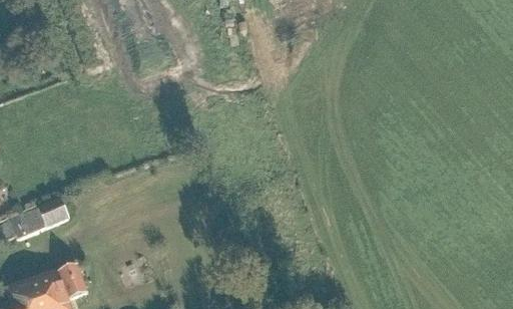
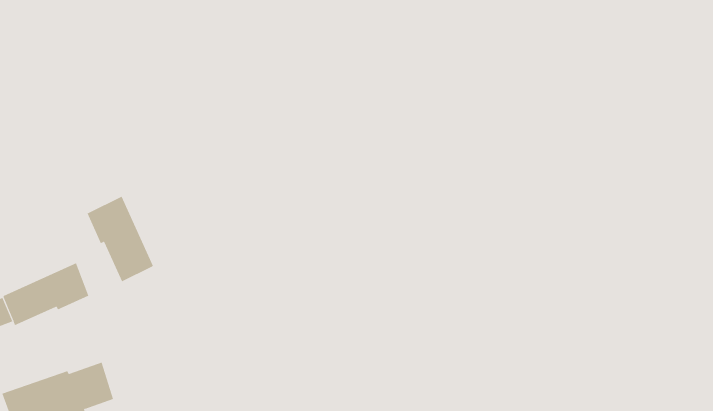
building: none -> [87,196,153,282]

